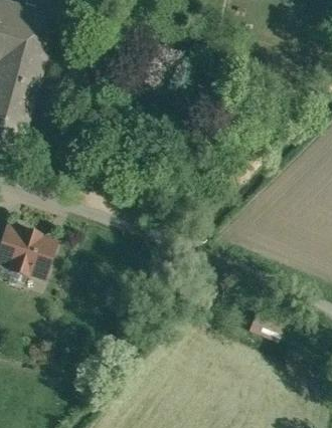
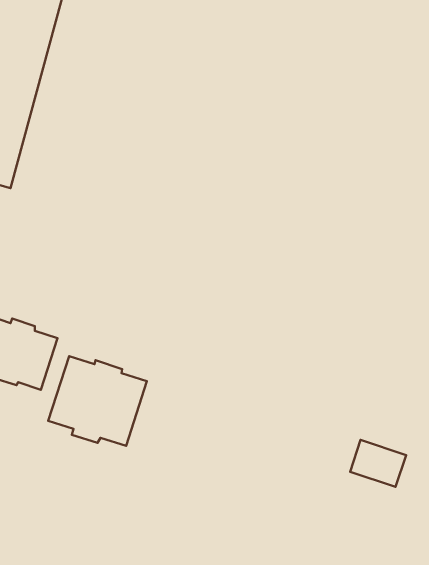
building: none -> [48,356,147,446]

